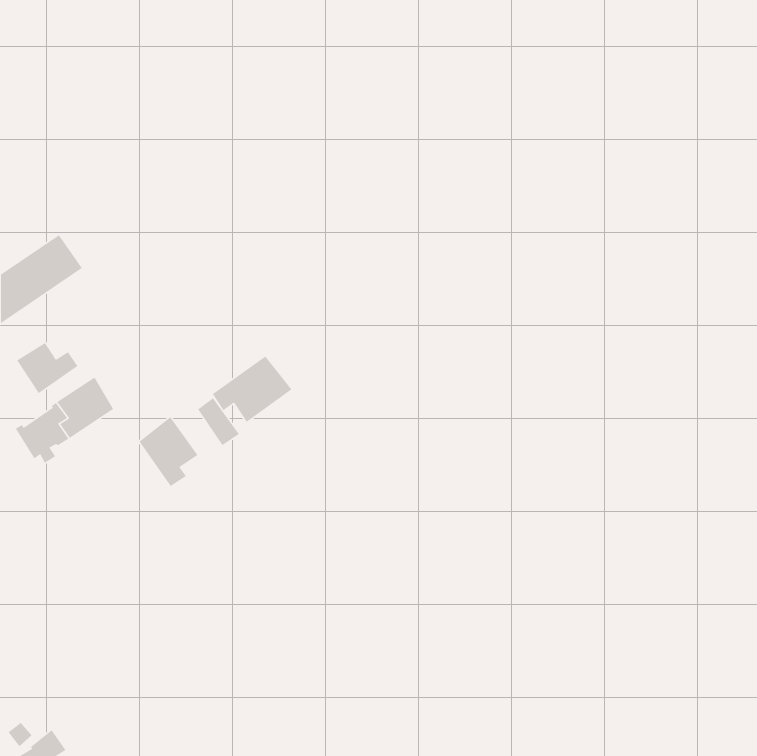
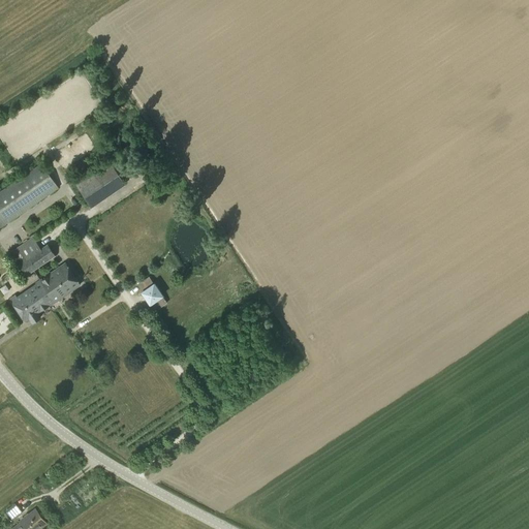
building: none -> [74,160,123,206]
building: [212,356,293,423] -> none
building: [139,416,199,487] -> none

